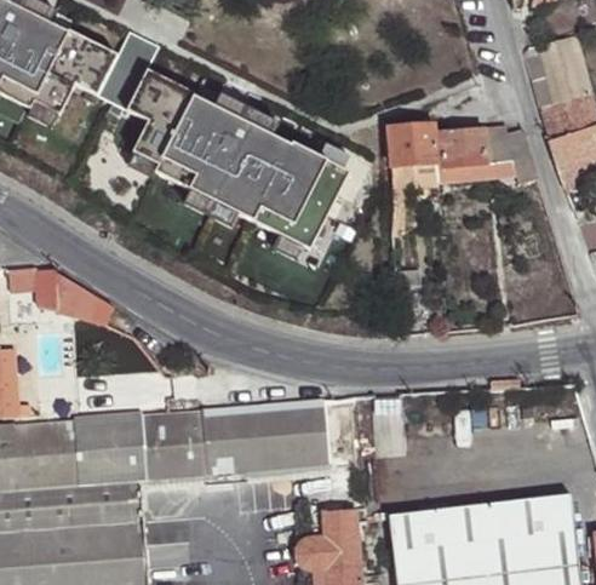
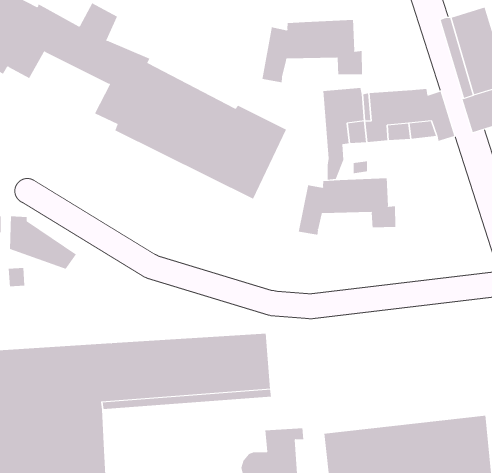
building: none -> [262,19,363,83]
building: none -> [298,177,396,235]

